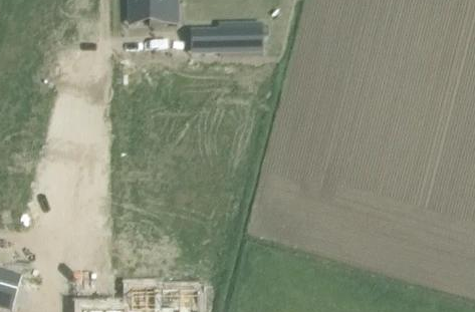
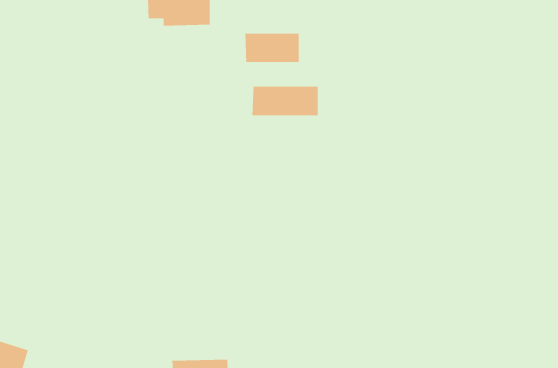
building: none -> [251,86,318,116]

